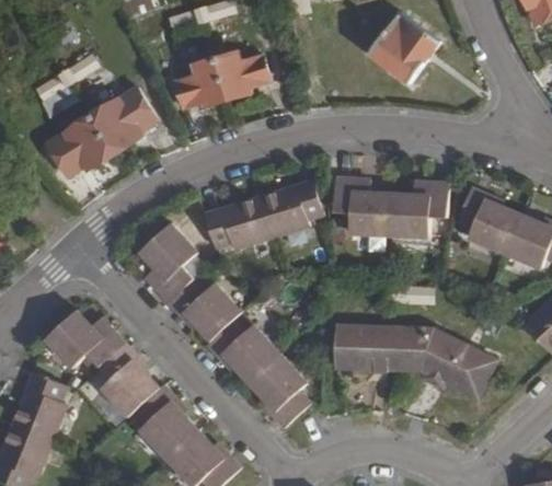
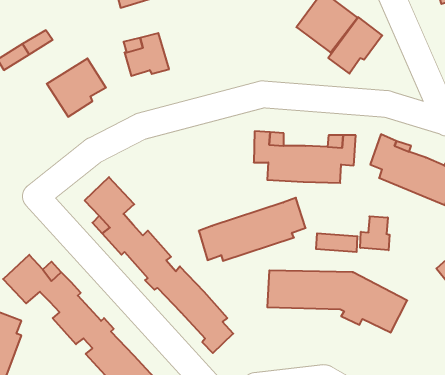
building: none -> [328,17,382,74]
building: [218,56,274,103] -> none
building: [49,119,116,178] -> none
building: [192,176,312,247] -> [199,198,306,261]
building: none -> [360,216,390,250]

